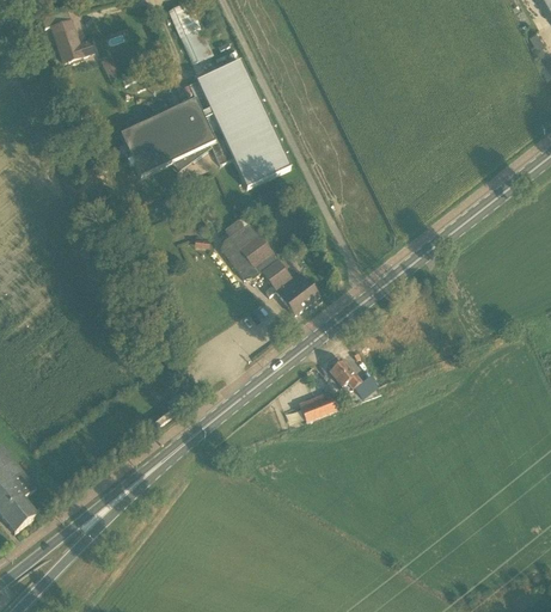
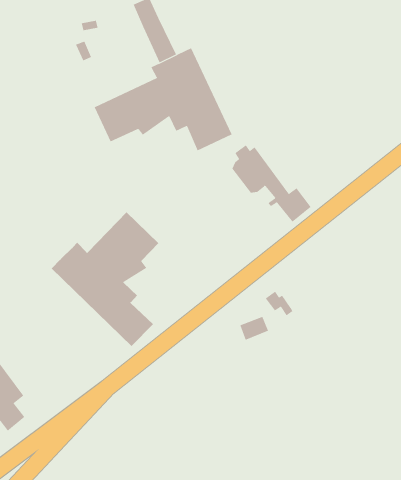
building: [50,16,94,61] -> none
building: [220,218,318,313] -> [231,144,312,223]
building: none -> [51,211,159,347]

